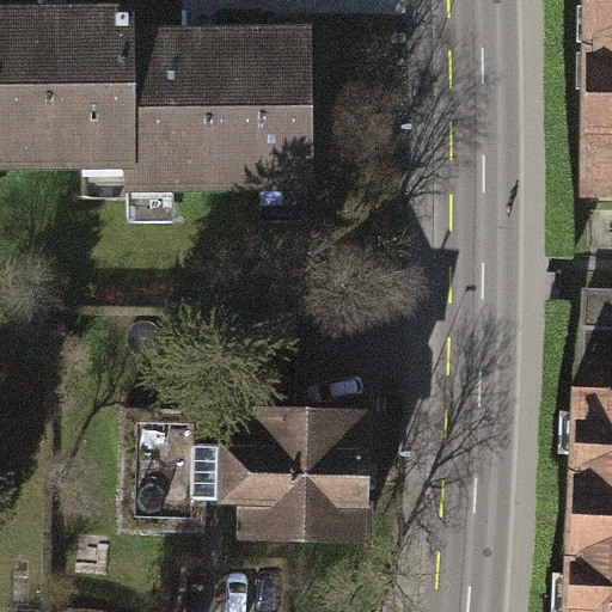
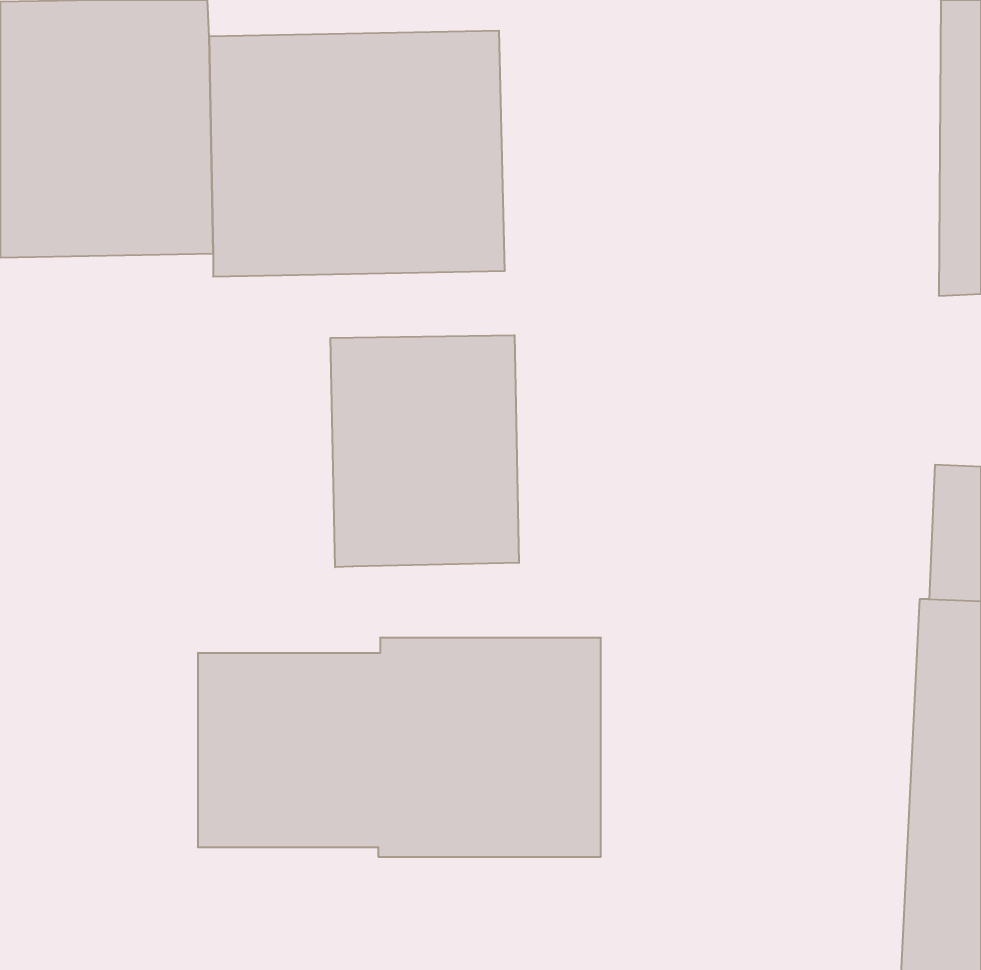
building: none -> [330,335,519,567]

